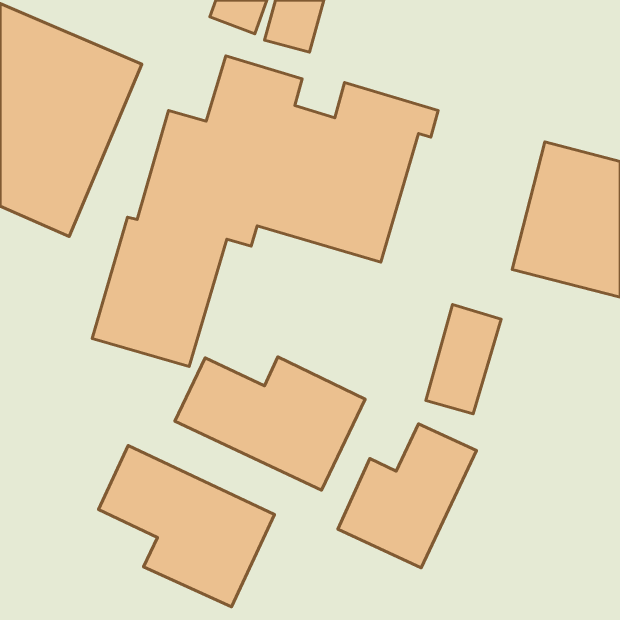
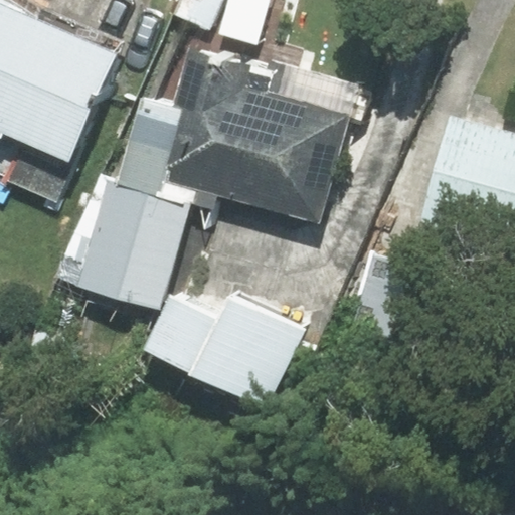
building: [338,424,477,568] -> none
building: [98,446,274,607] -> none

